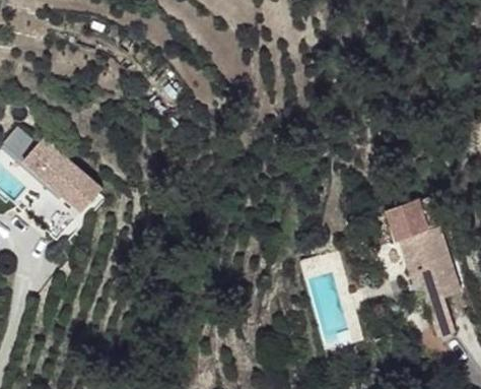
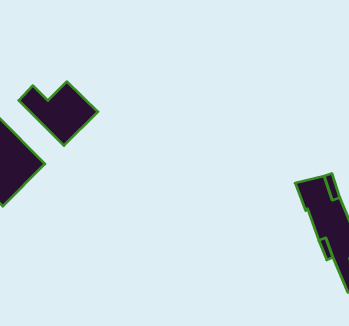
building: none -> [19,82,98,146]

